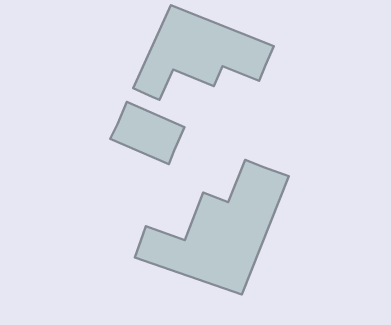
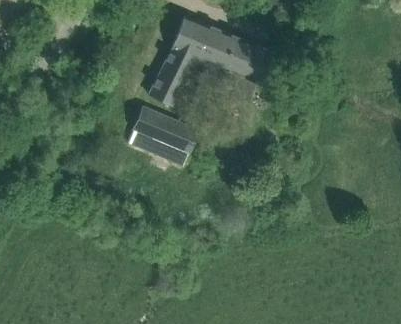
building: [135,160,289,294] -> none

